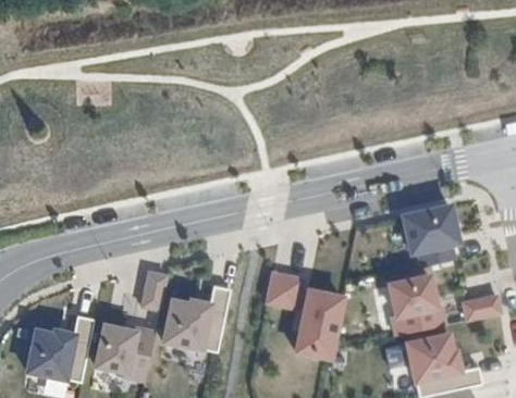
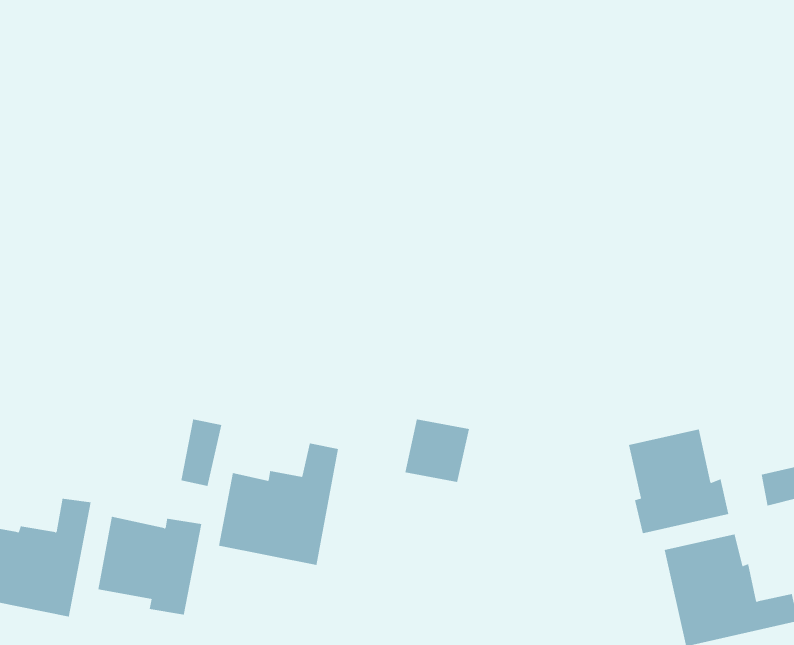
building: [403,206,456,265] -> none
building: [295,289,340,356] -> none

